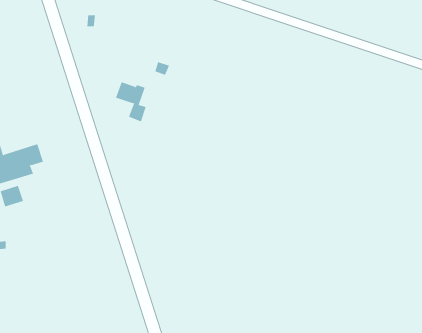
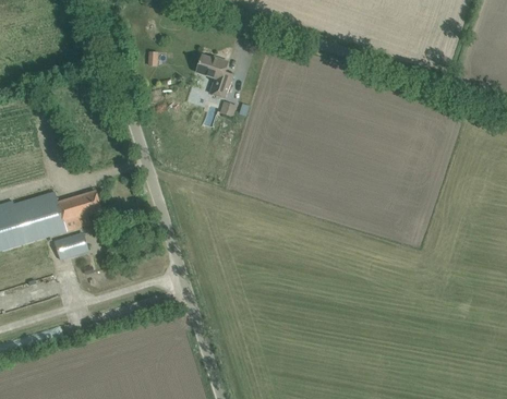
building: [115,81,146,122] -> [193,55,227,98]

